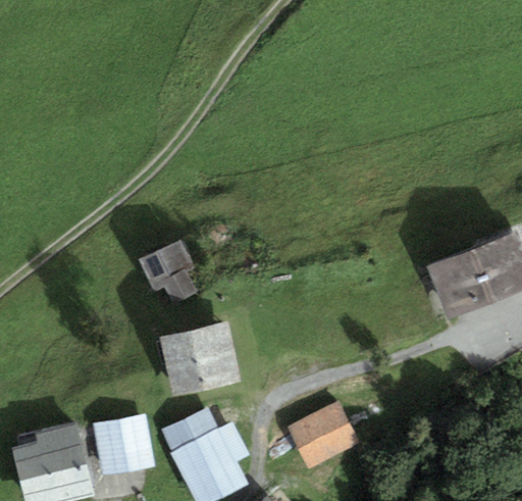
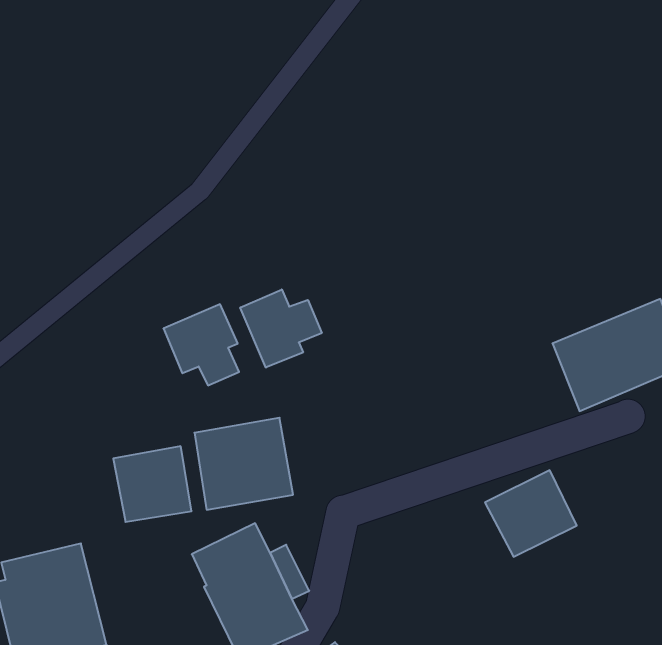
building: none -> [240,289,322,368]
building: [289,401,358,466] -> [485,470,577,557]
building: [93,414,152,471] -> [113,446,192,522]

